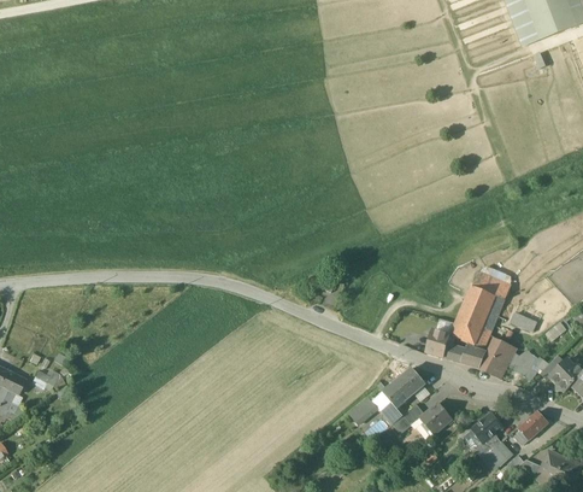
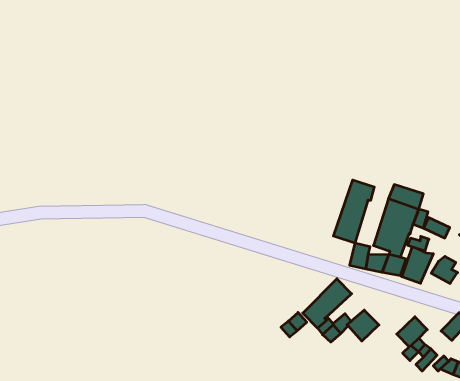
building: none -> [333,180,374,243]

